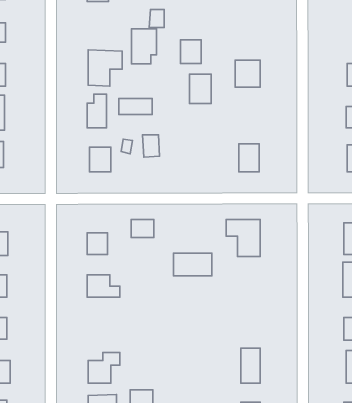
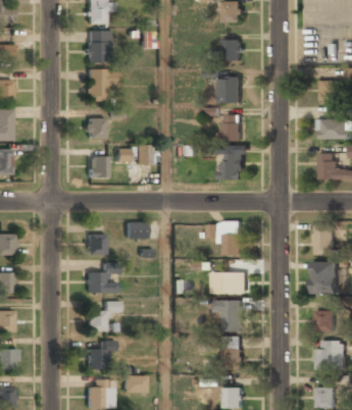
building: [132,29,156,64] -> [86,30,108,61]
building: [181,40,201,64] -> [223,38,242,59]
building: [190,74,211,103] -> [222,114,242,141]
building: [119,99,152,115] -> none
building: [173,253,212,276] -> [212,272,247,293]
building: none -> [88,300,119,331]
building: none -> [214,300,243,331]

